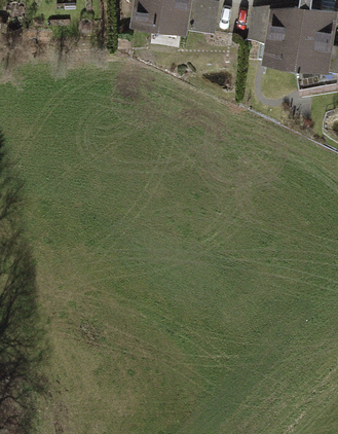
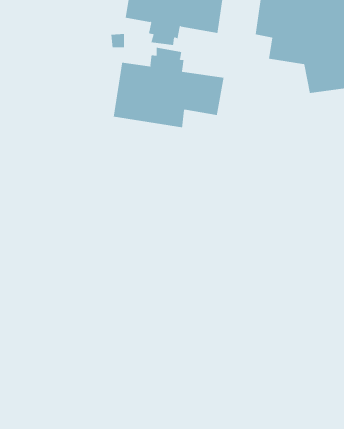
building: none -> [113,47,224,128]

